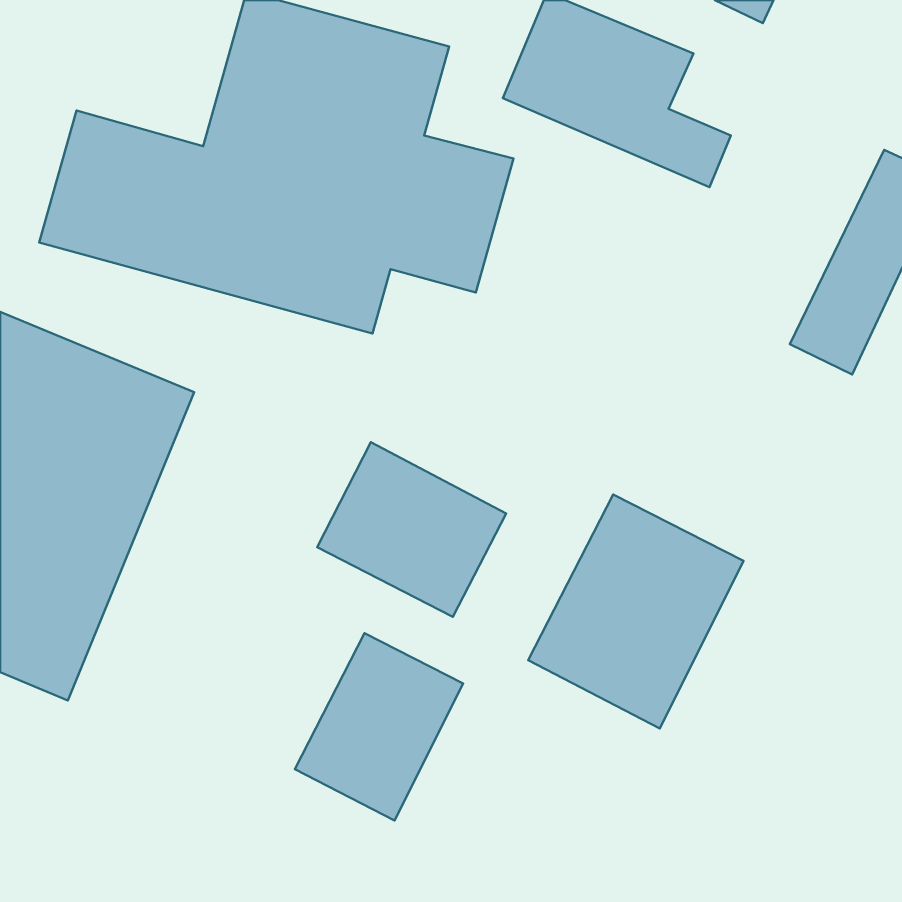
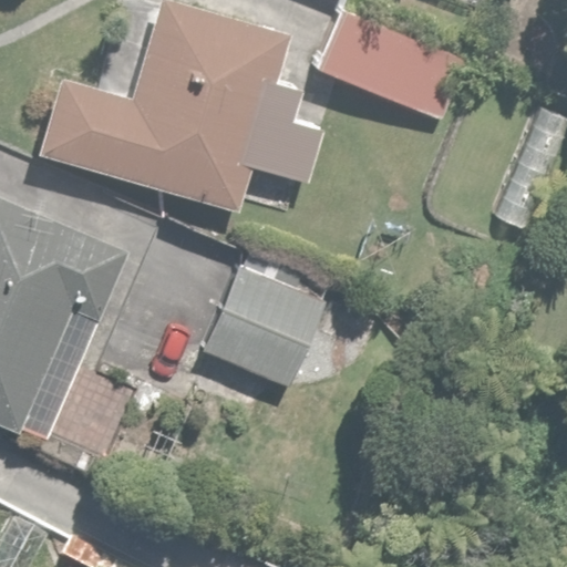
building: [528,495,744,728] -> none
building: [295,633,463,821] -> none

